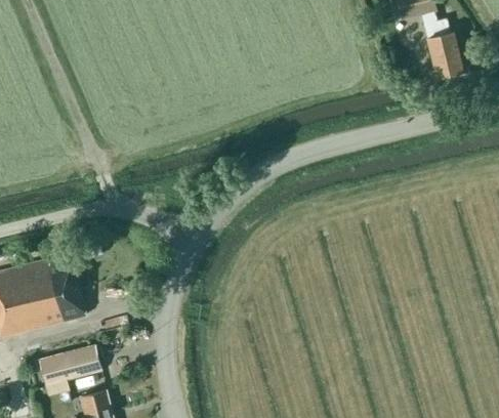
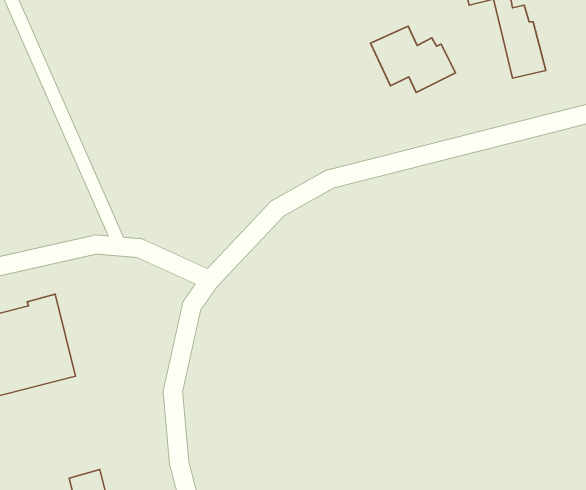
building: none -> [371,26,455,92]
building: [39,345,99,395] -> none

